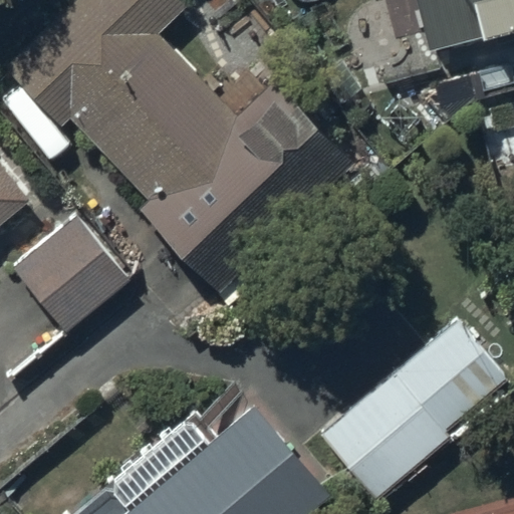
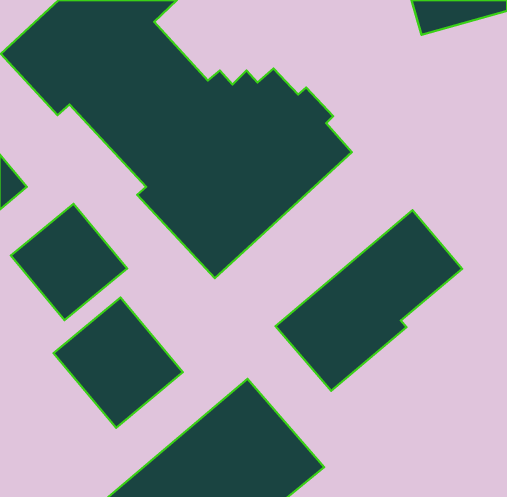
building: none -> [54,298,183,428]
building: [316,318,505,501] -> [275,210,462,391]

